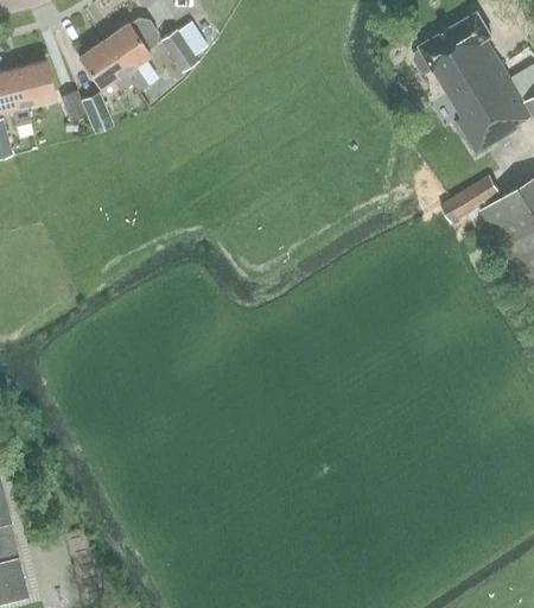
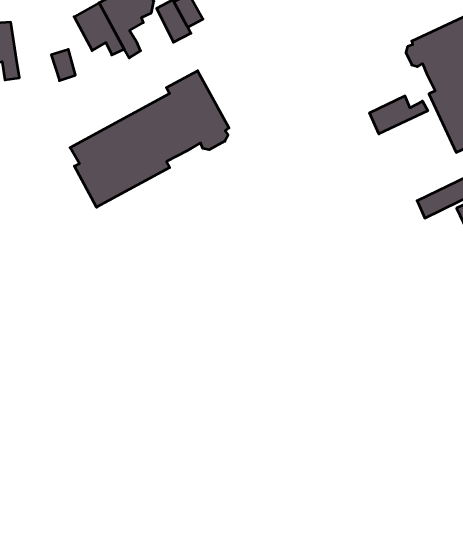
building: [17,59,56,104] -> none
building: [81,91,113,132] -> none
building: none -> [70,71,229,207]
building: none -> [370,96,428,134]

